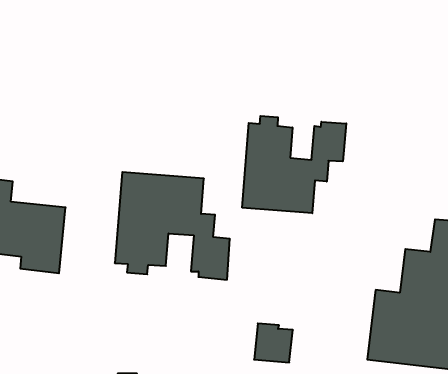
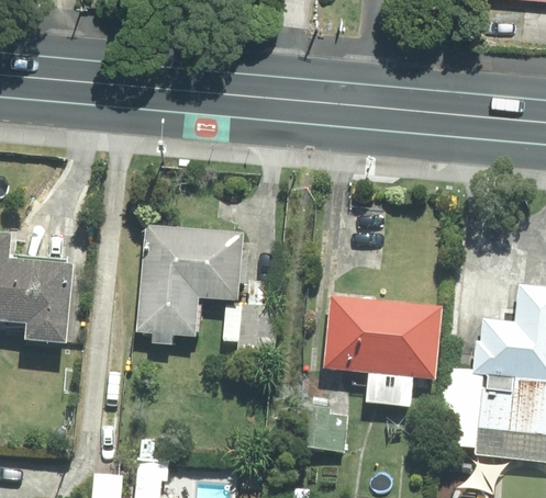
building: [242,116,346,213] -> none
building: none -> [323,293,443,406]

